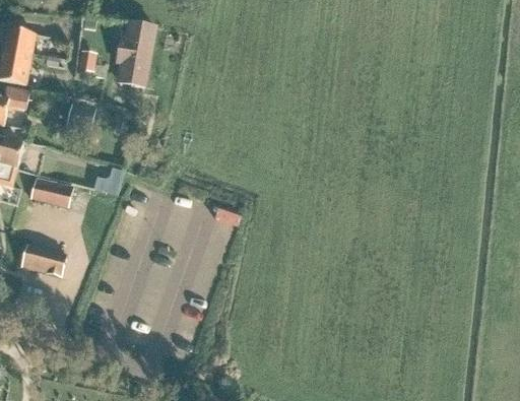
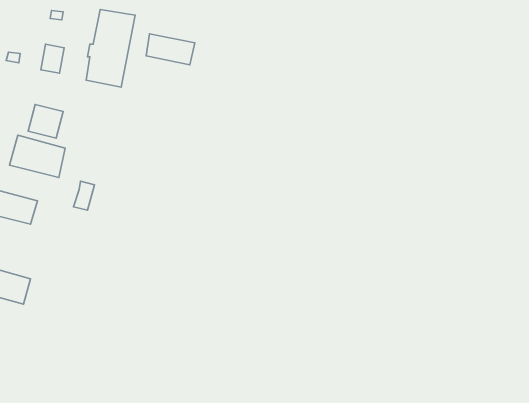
building: none -> [146,34,195,65]
building: none -> [10,135,65,177]

